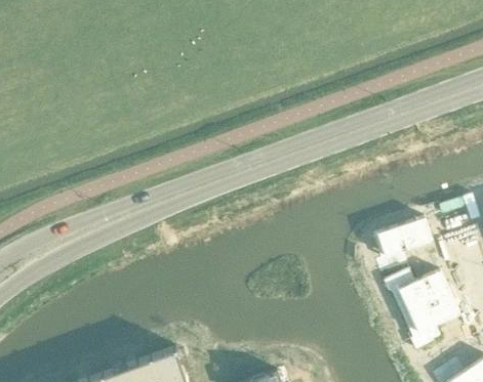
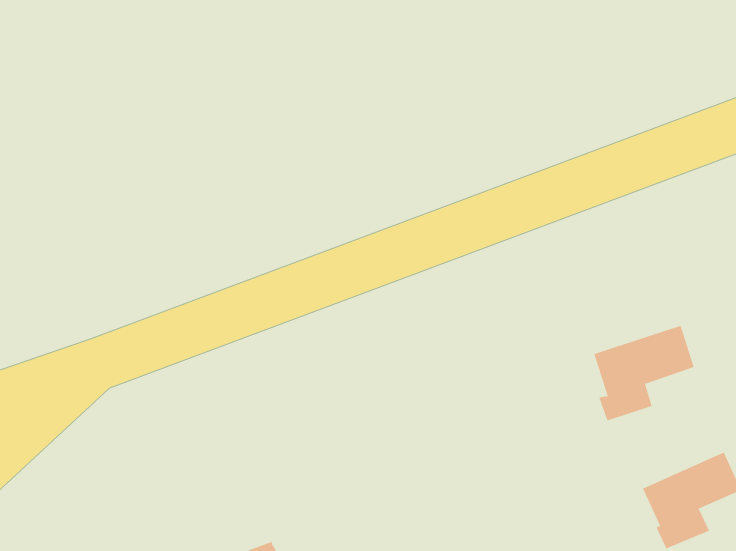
building: [385,269,453,316] -> none

